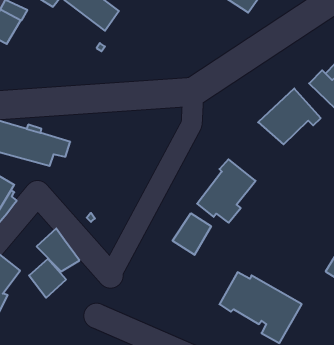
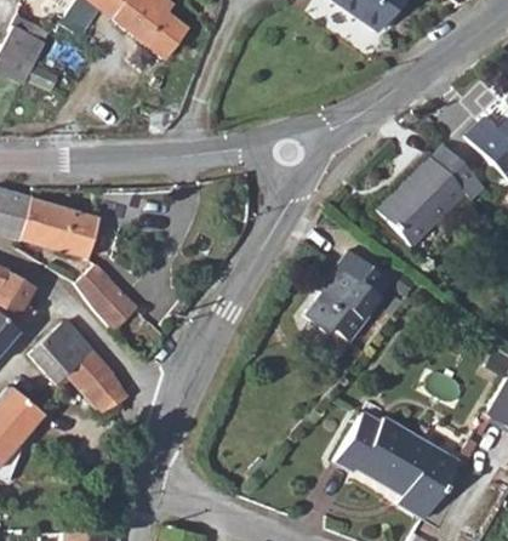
building: none -> [375,194,429,246]
building: none -> [75,264,136,330]
building: [173,213,211,255] -> none
building: [29,259,66,298] -> [40,320,95,377]

